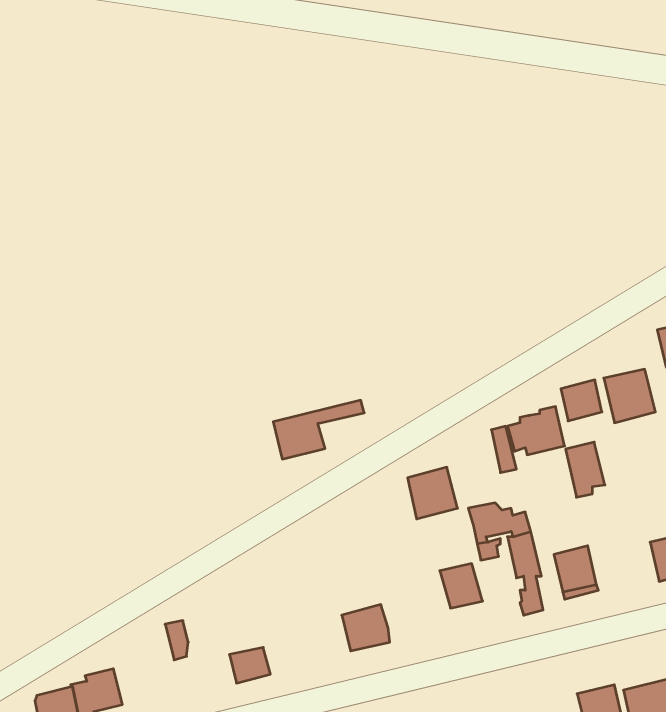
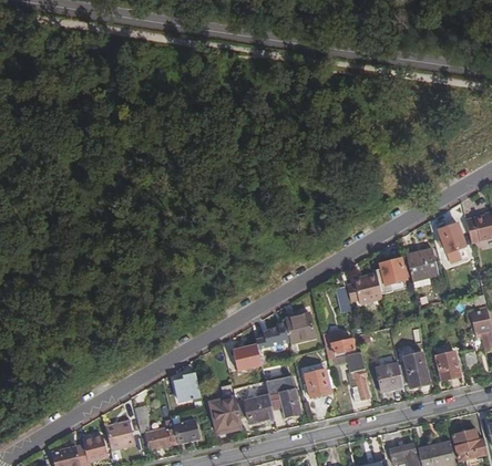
building: [273,400,364,459] -> [227,333,284,370]
building: [566,442,605,497] -> [403,353,428,387]
building: none -> [174,373,199,400]
building: none -> [264,375,300,417]
building: none -> [209,396,240,432]
building: none -> [104,422,134,452]
building: none -> [146,426,177,451]

